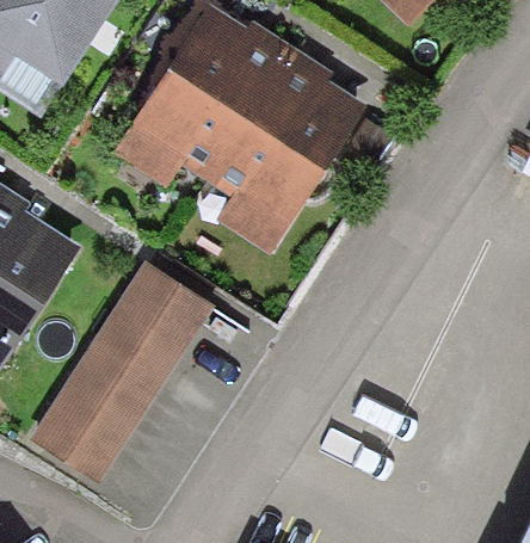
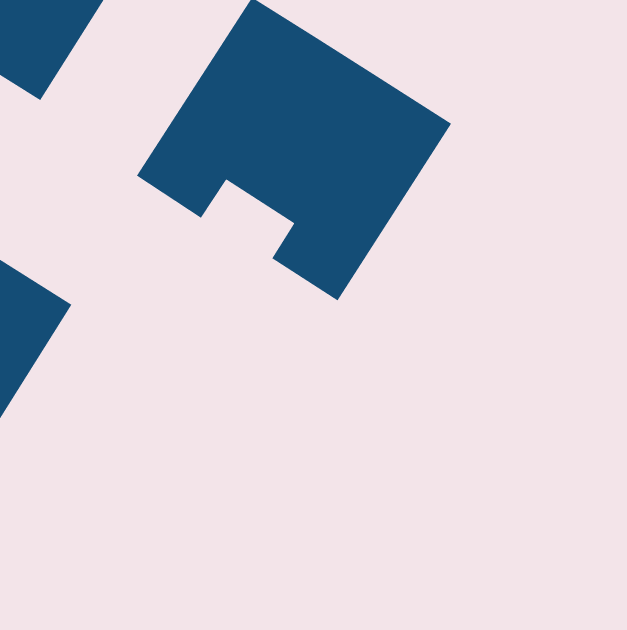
building: [33,263,212,476] -> none

